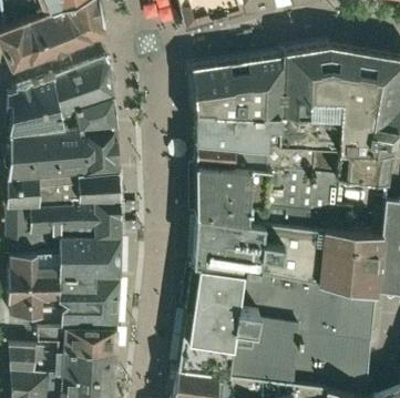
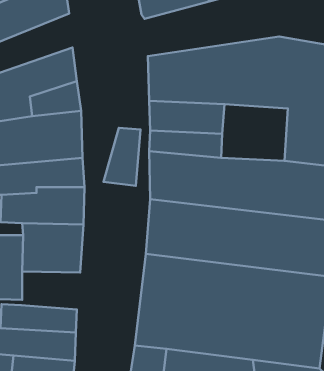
building: [264,118,331,175] -> none
building: none -> [104,128,140,186]
building: [61,287,121,326] -> none

